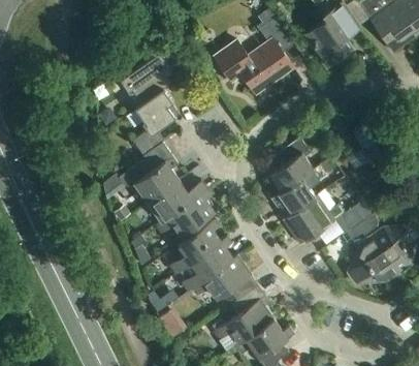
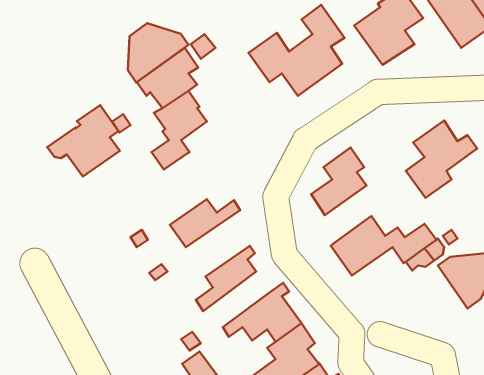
building: none -> [128,23,189,83]
building: [119,143,180,203] -> [47,105,120,177]
building: [272,165,327,218] -> none
building: [156,190,216,238] -> none
building: [182,237,233,292] -> none
building: [350,237,398,283] -> none

